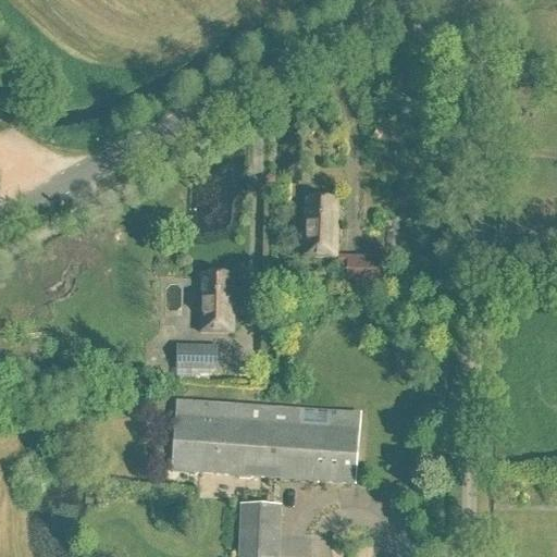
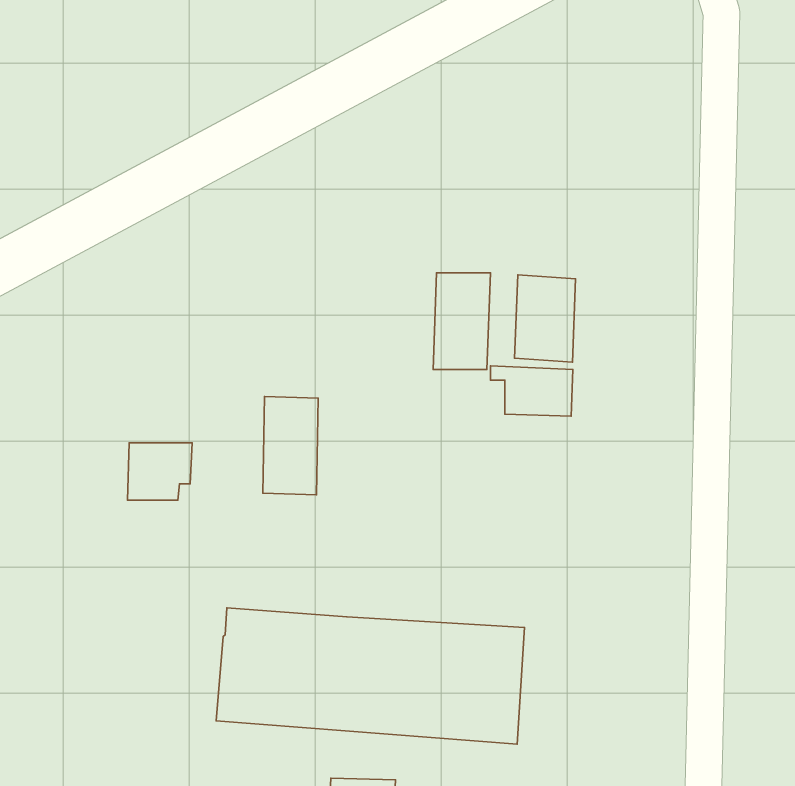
building: none -> [515,275,576,362]
building: [177,343,216,377] -> [128,443,192,500]

